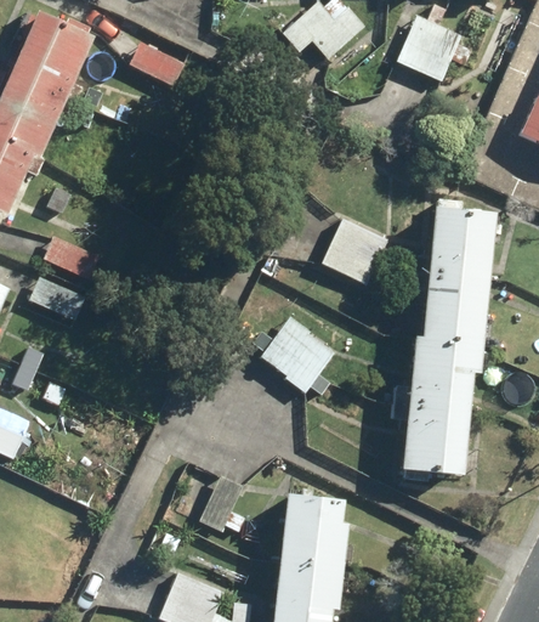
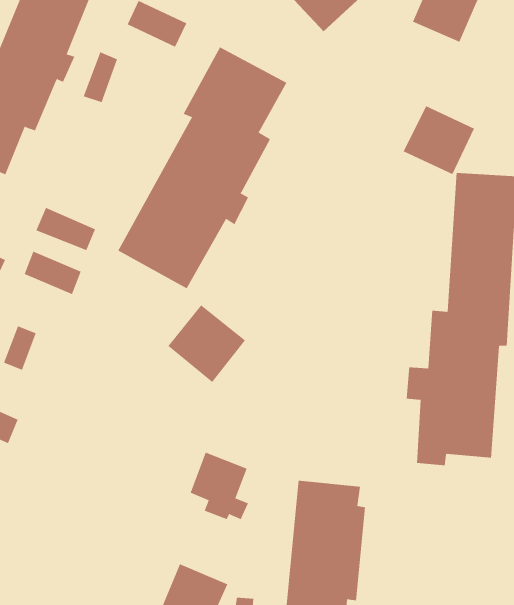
building: none -> [117,47,287,289]
building: [318,220,386,285] -> [403,105,475,175]
building: [259,318,333,392] -> [167,305,246,383]

